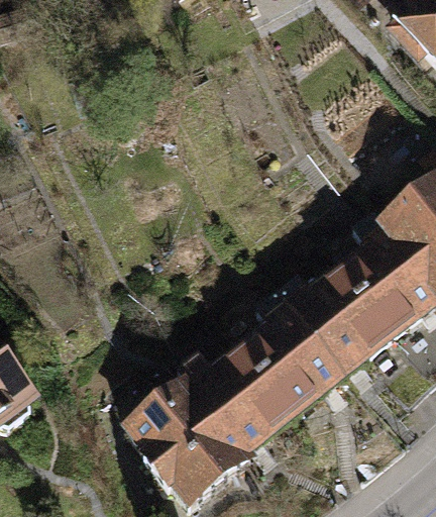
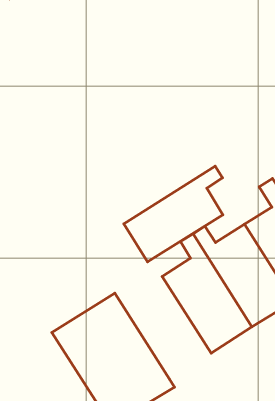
building: none -> [124,166,223,262]
building: [182,338,310,455] -> none

